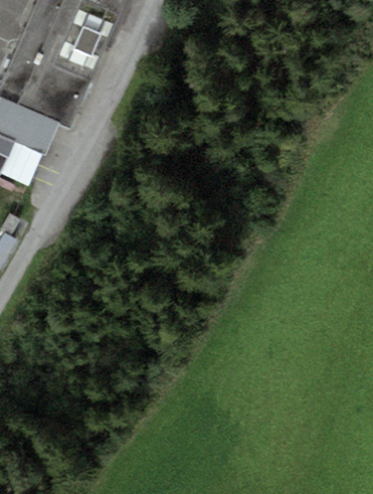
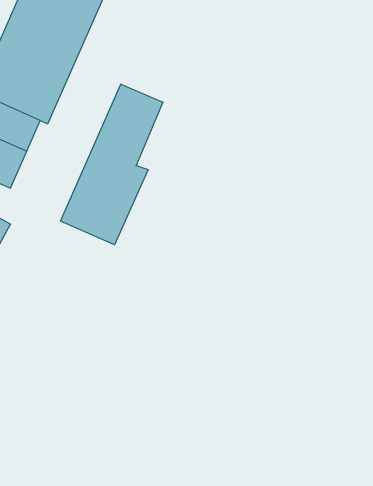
building: none -> [61,84,163,245]

